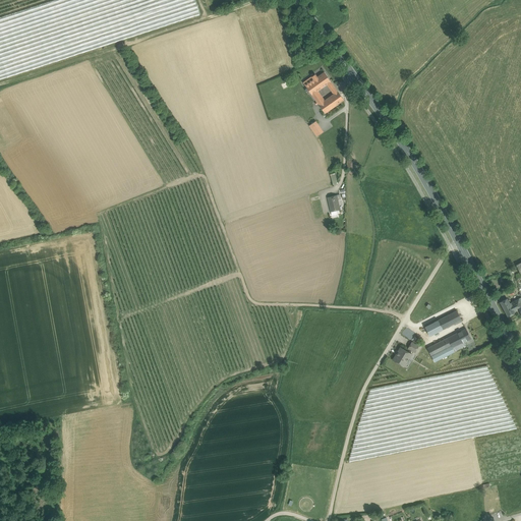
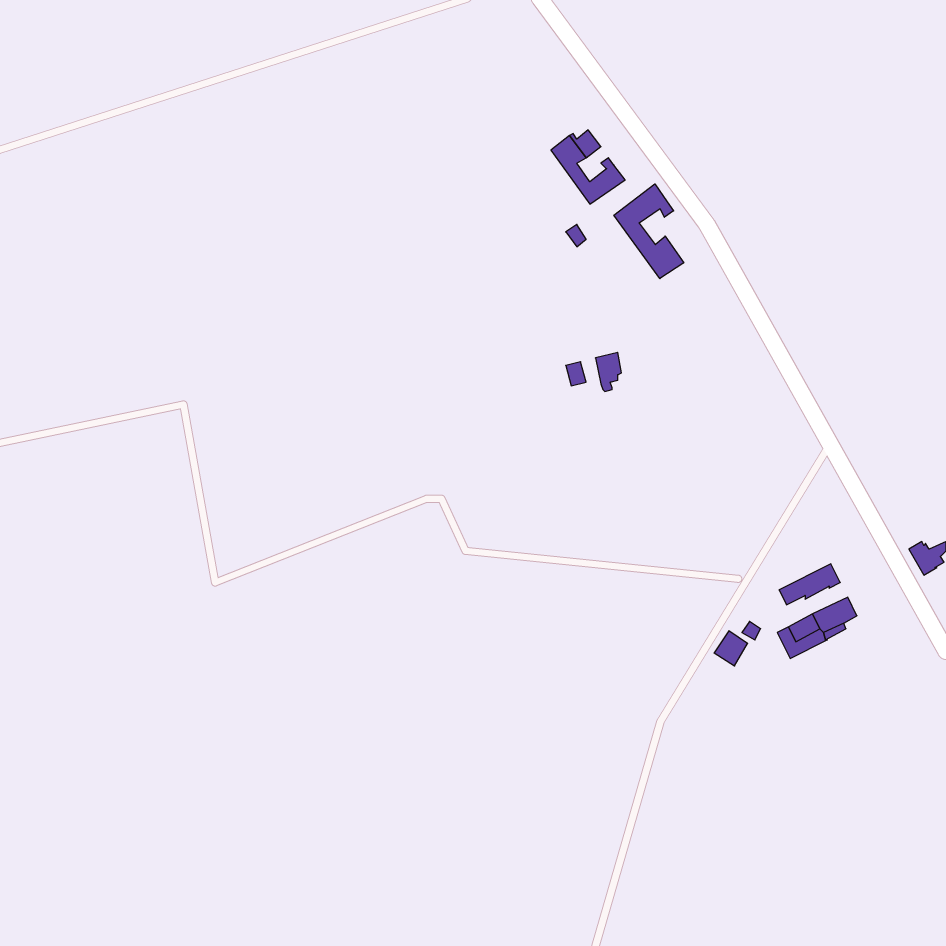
building: none -> [614,184,684,279]

